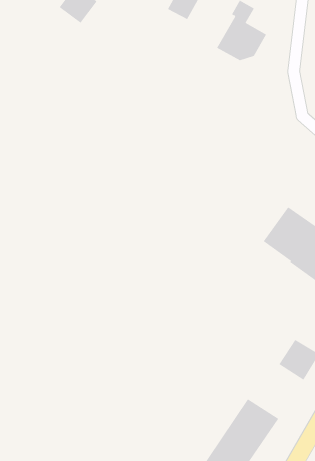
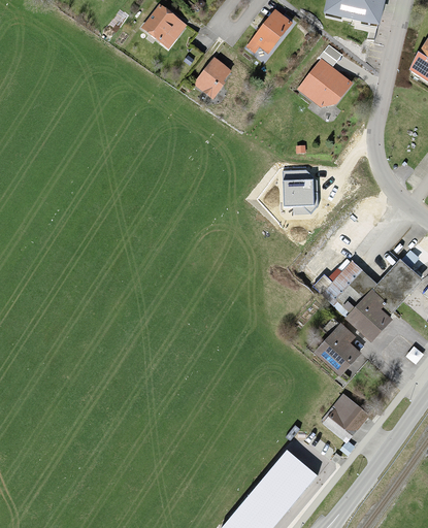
building: none -> [192,65,231,104]
building: none -> [283,169,318,213]
building: none -> [317,324,359,373]

